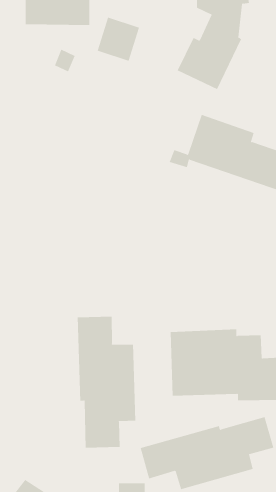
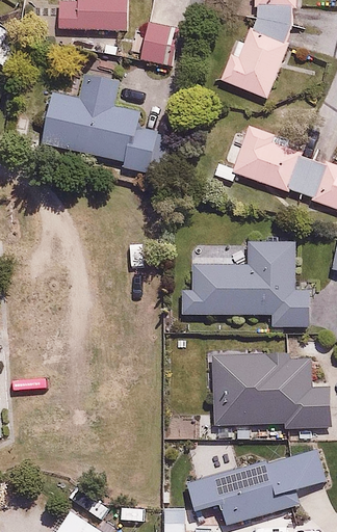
building: none -> [43,77,157,174]
building: none -> [183,237,315,325]
building: [77,316,136,448] -> none

